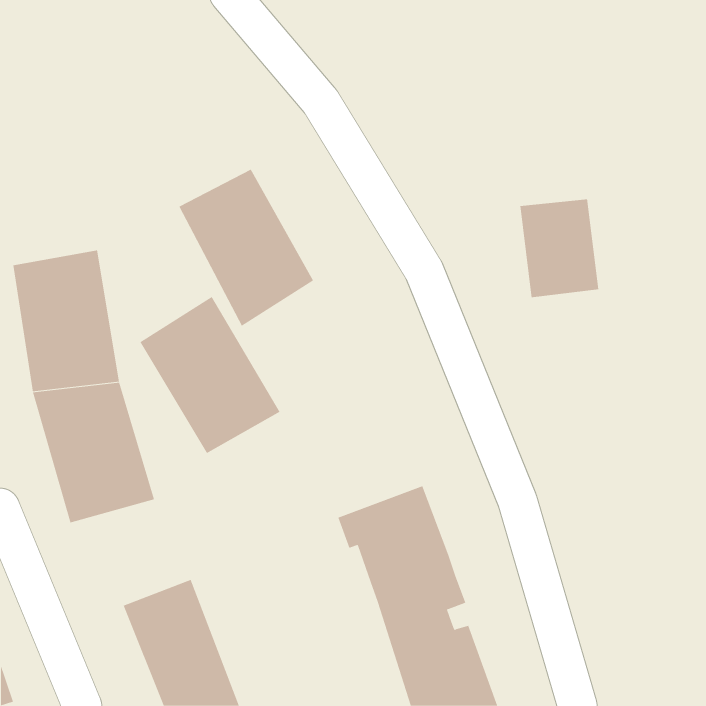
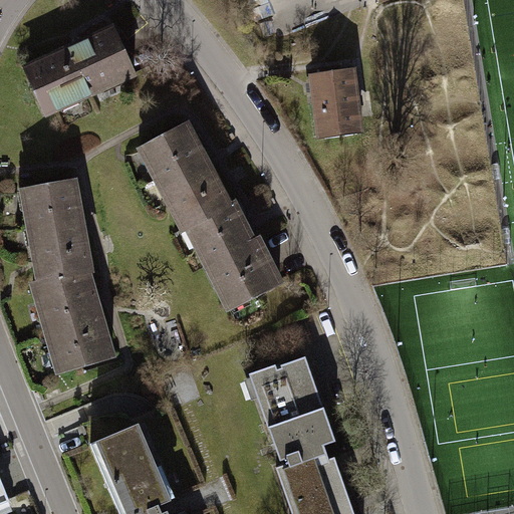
building: none -> [20,22,138,118]
building: [520,199,599,298] -> [309,67,366,139]
building: [140,296,280,454] -> [179,202,280,315]

